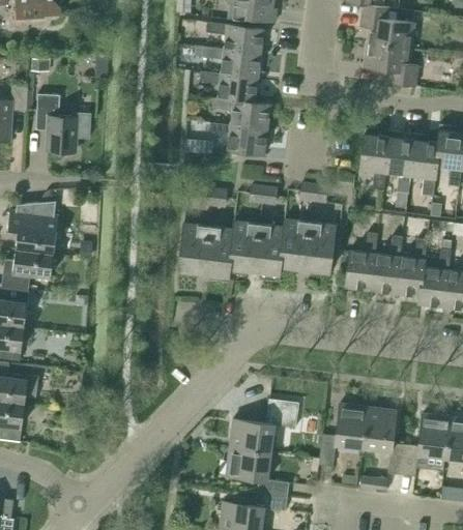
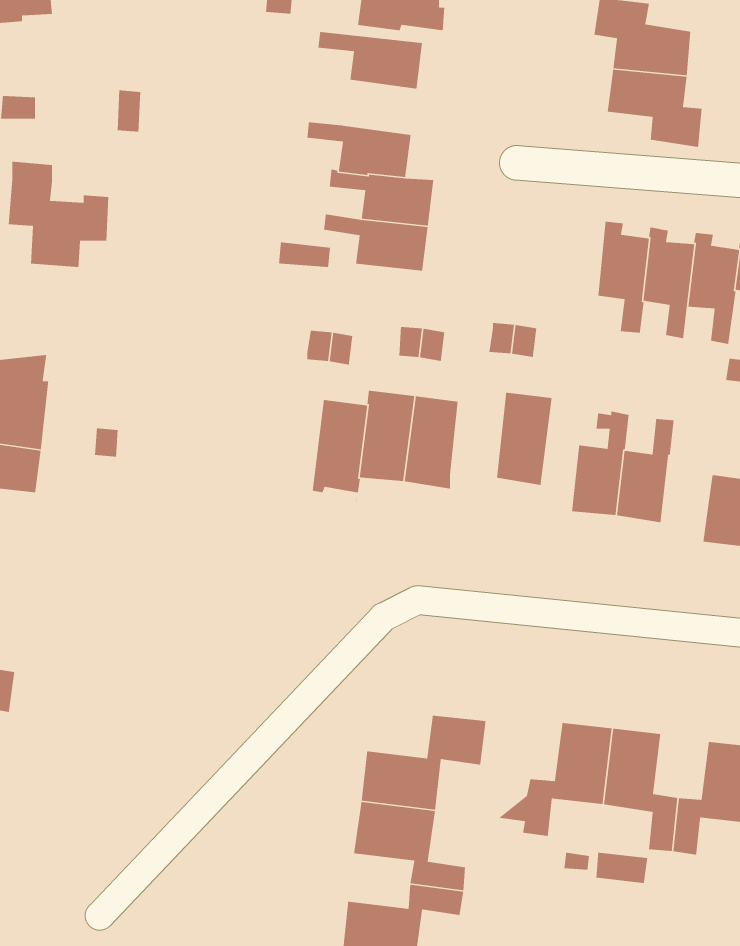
building: [196,47,261,80] -> none
building: [280,218,310,269] -> none
building: [178,223,209,279] -> none
building: [396,238,428,296] -> none

